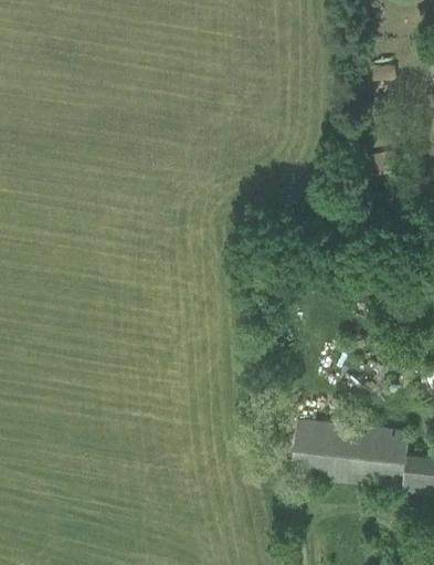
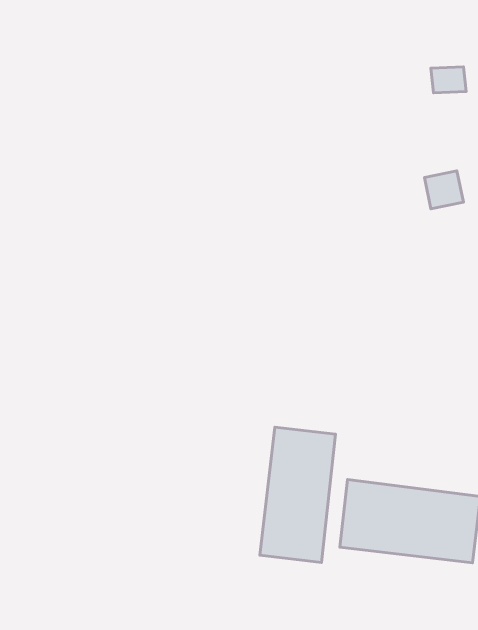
building: none -> [260,427,335,563]

